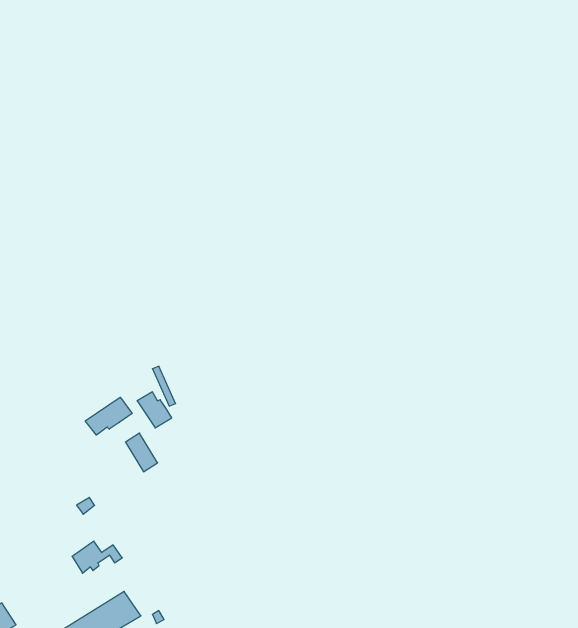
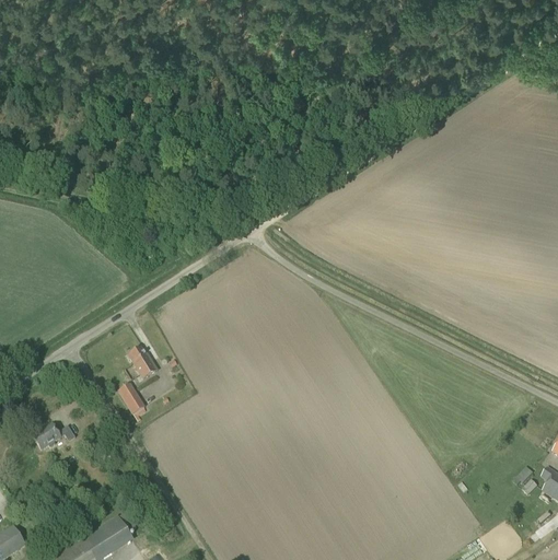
building: [85,397,132,435] -> none
building: [72,541,122,573] -> [32,422,74,450]

